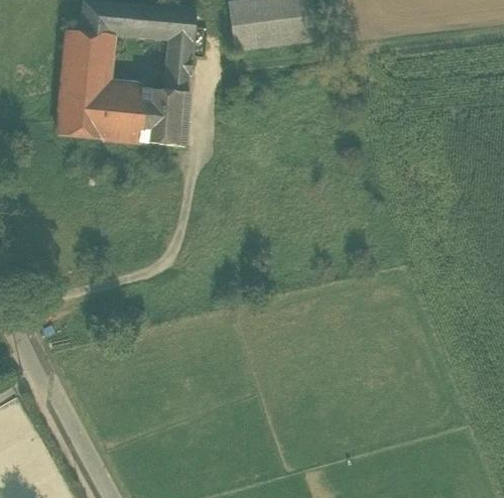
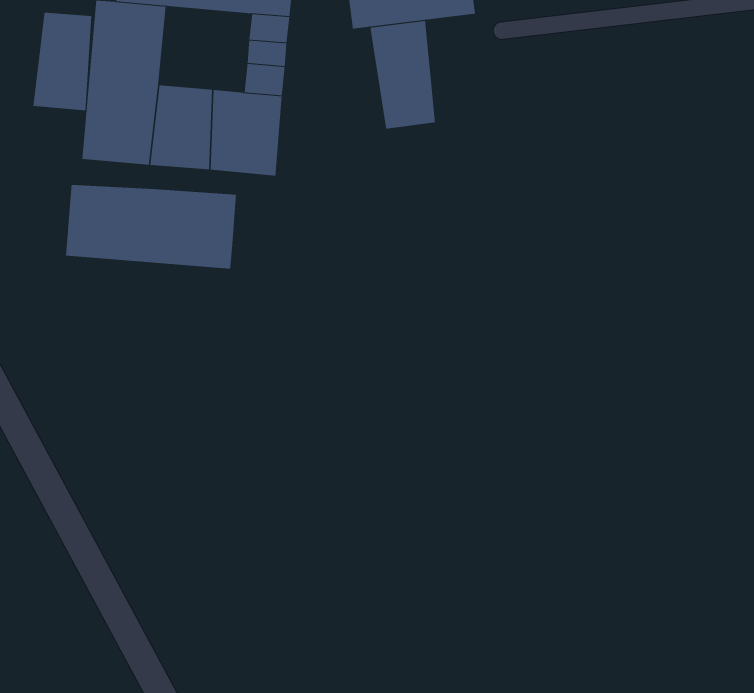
building: none -> [33,12,92,111]
building: none -> [370,20,436,130]
building: none -> [66,184,237,269]

